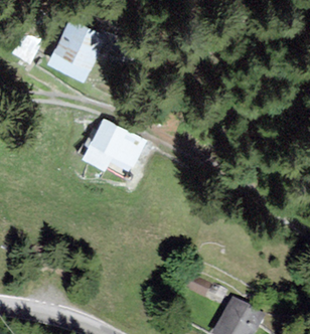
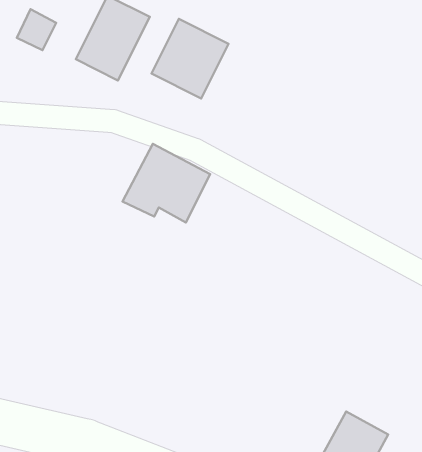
building: none -> [152,19,229,98]

